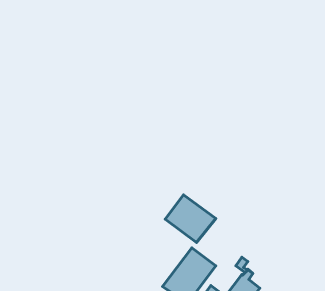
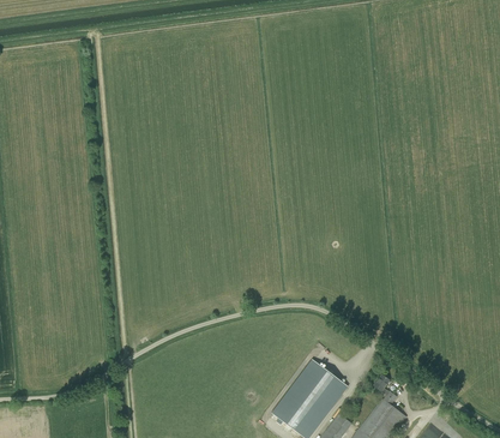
building: [165,195,216,243] -> none

